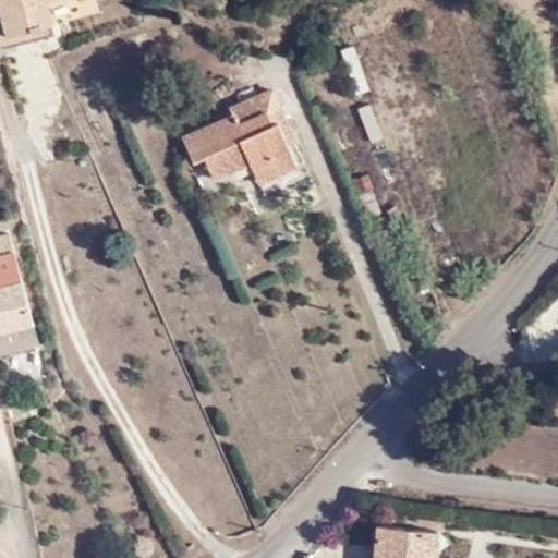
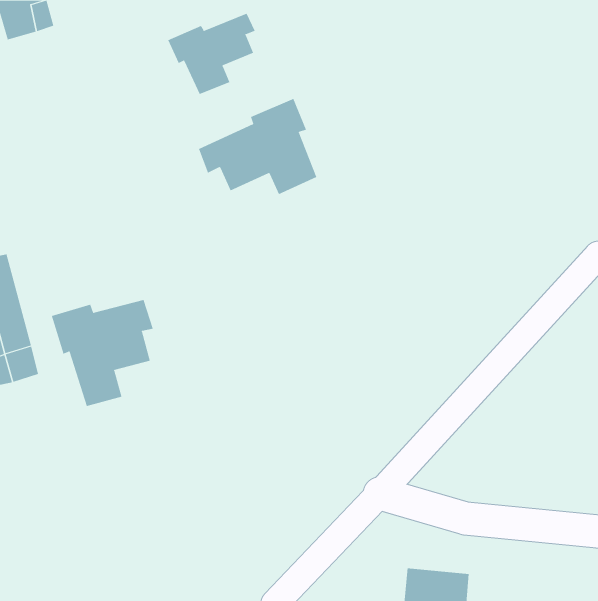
building: none -> [168,13,256,95]
building: none -> [51,299,154,407]

